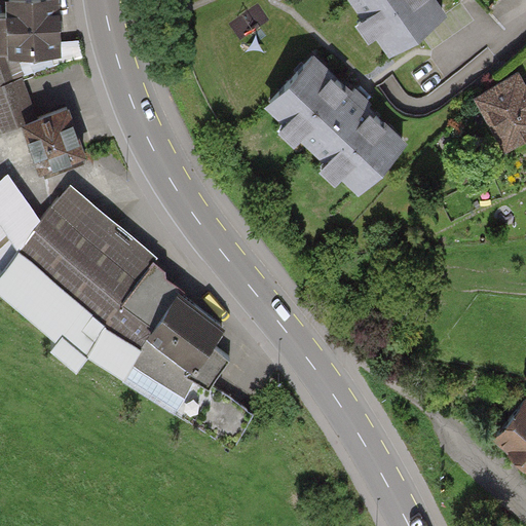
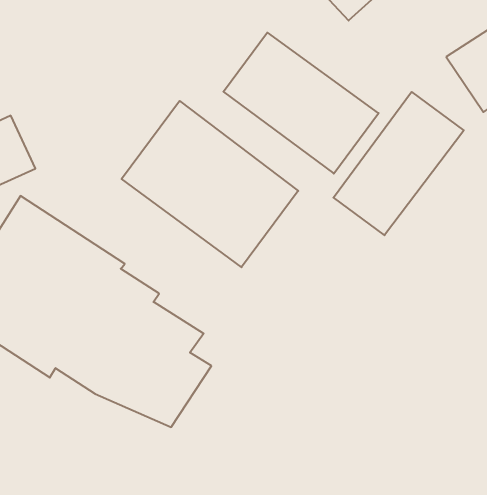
building: none -> [122,101,298,267]
building: none -> [333,92,464,235]

